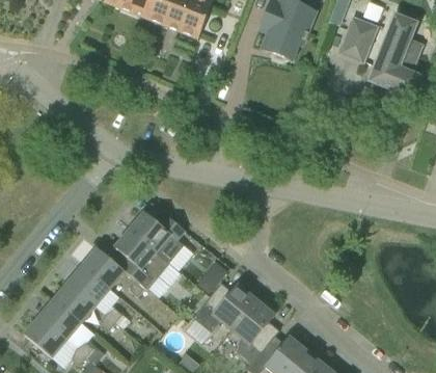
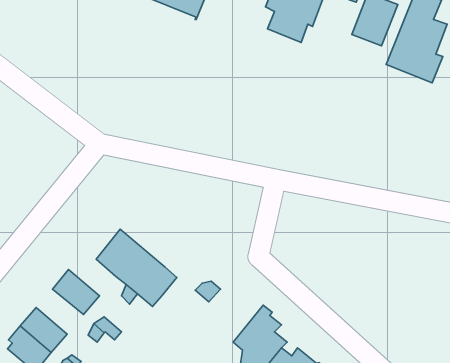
building: [129,211,185,263] -> none
building: [82,247,125,289] -> none
building: [53,283,96,323] -> none
building: [193,283,257,331] -> none

